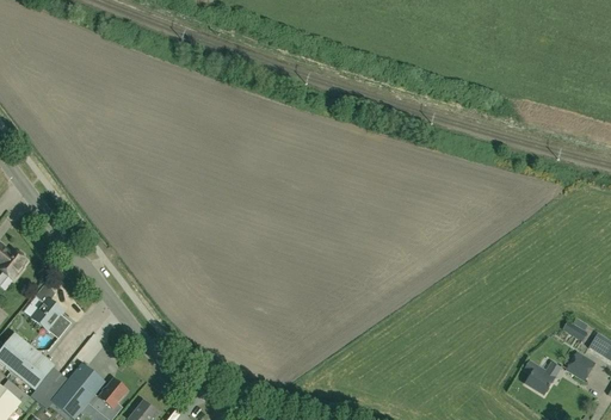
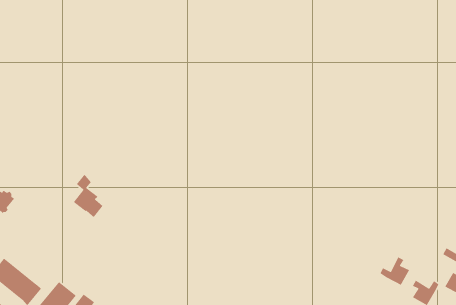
building: [32,283,70,339] -> [73,174,103,218]
building: none -> [380,256,410,286]

